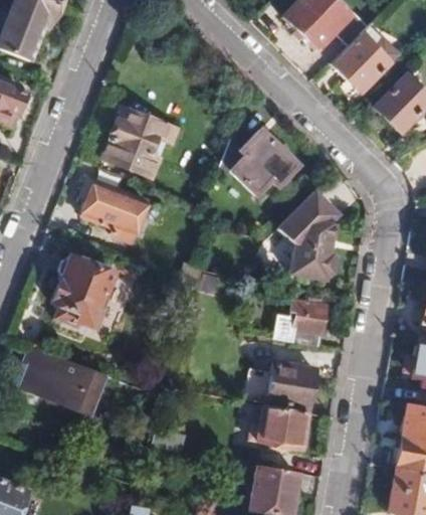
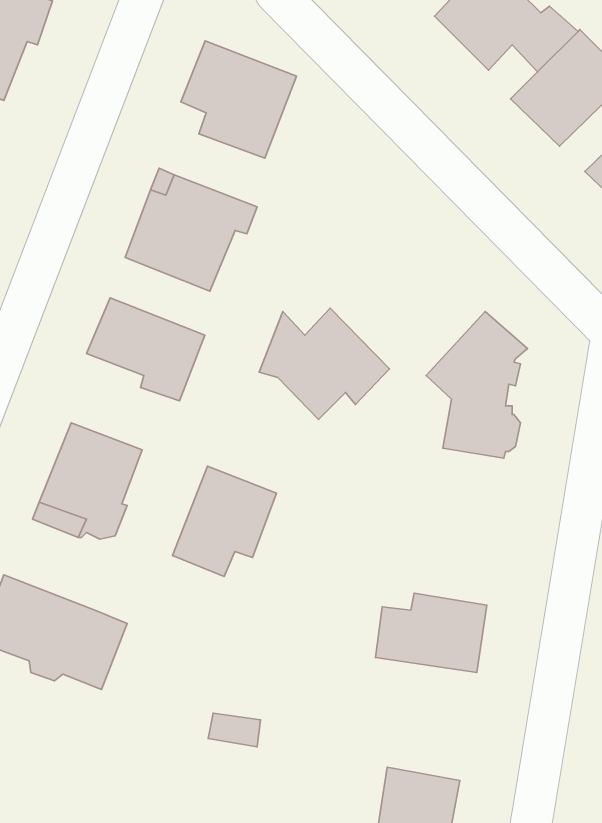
building: none -> [181,41,297,158]
building: [219,129,296,195] -> [259,308,389,420]
building: none -> [173,466,277,576]
building: [276,297,329,342] -> none
building: [252,402,309,447] -> none

